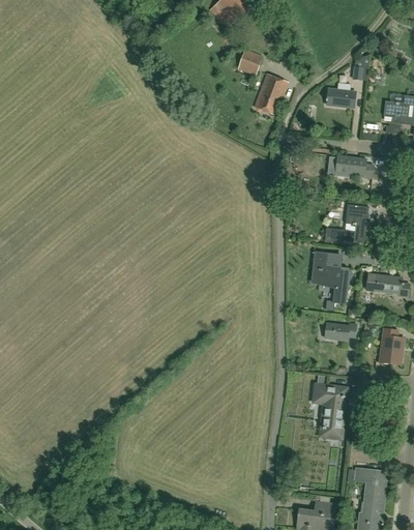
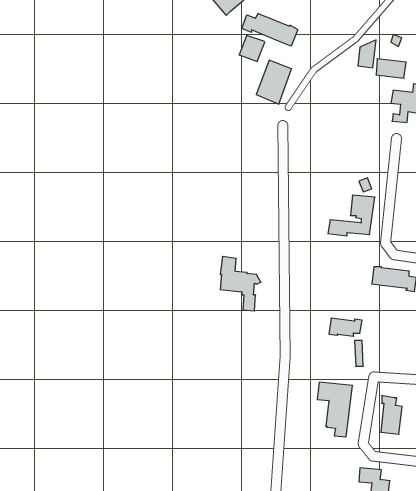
building: none -> [242,13,298,46]
building: [327,88,356,107] -> [376,59,406,78]
building: [336,155,374,177] -> none
building: [313,249,352,302] -> [220,256,261,311]
building: [383,327,404,364] -> [381,396,402,434]

